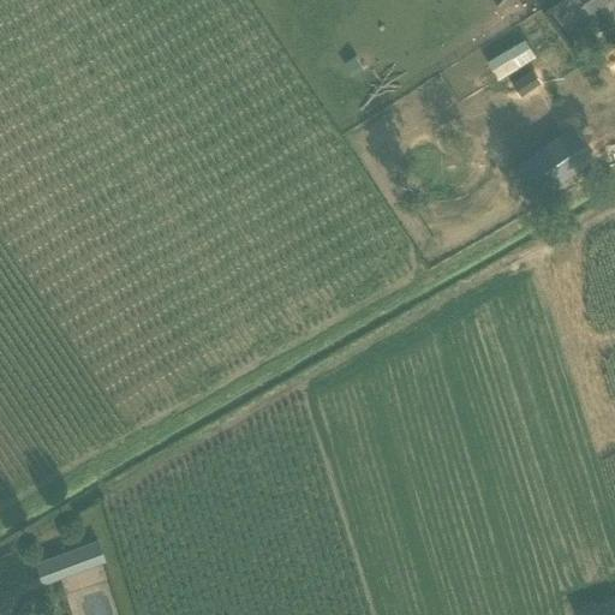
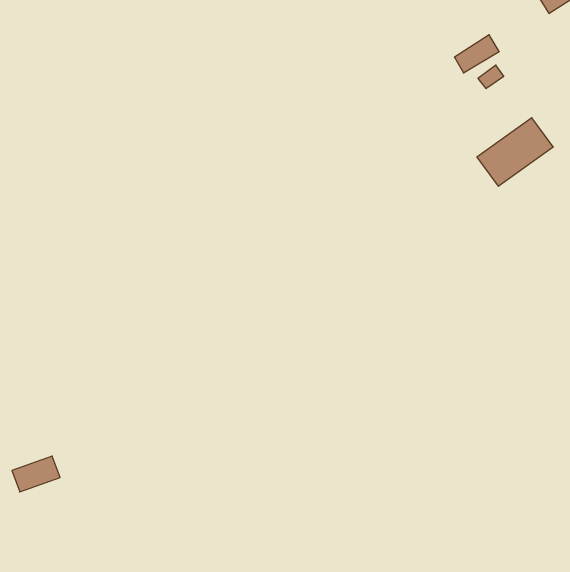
building: [37,545,89,584] -> [12,456,60,492]

